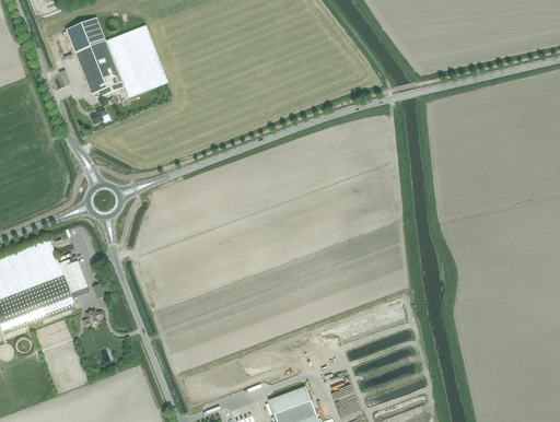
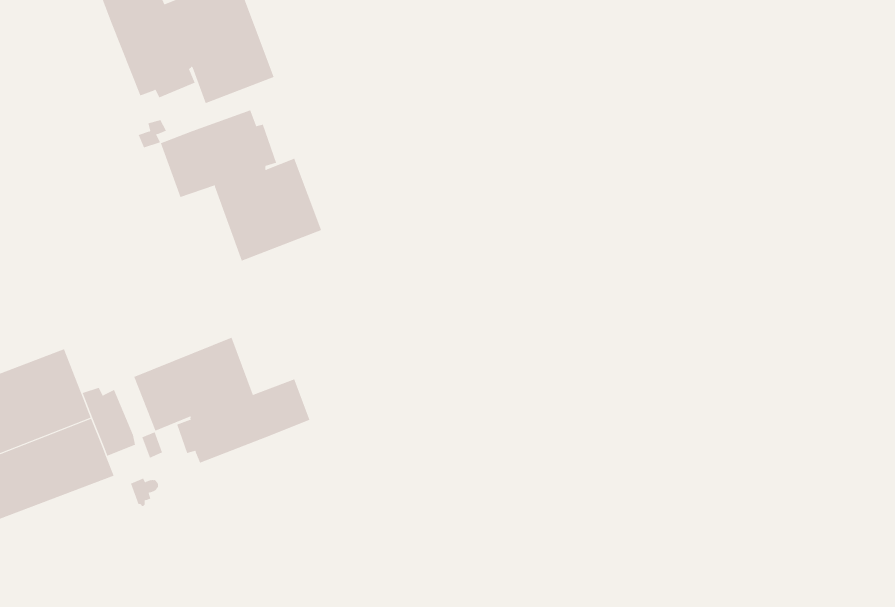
building: none -> [160,109,322,262]
building: none -> [134,337,310,464]

